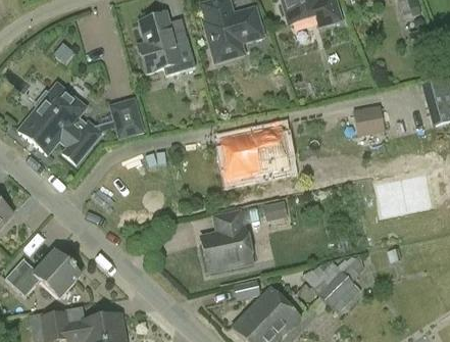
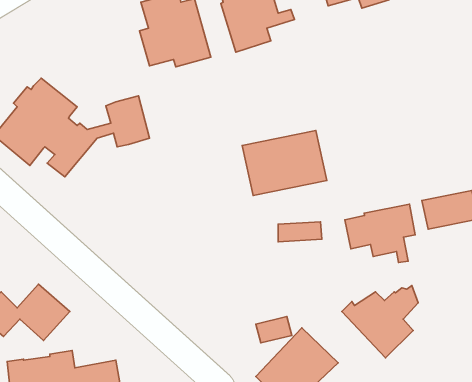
building: [355,103,387,142] -> none
building: none -> [345,204,415,262]
building: [201,210,252,271] -> none

